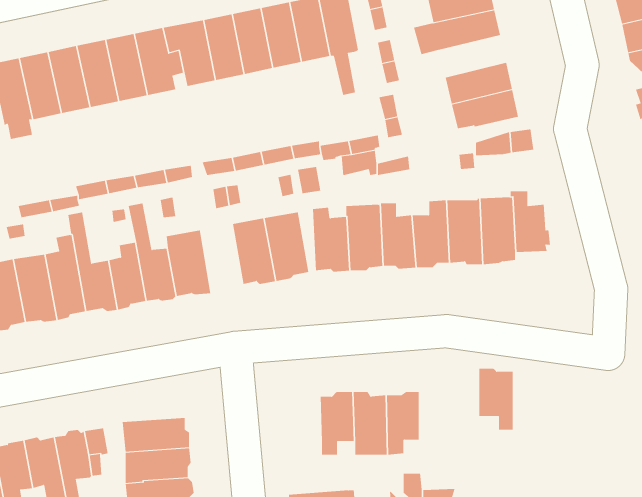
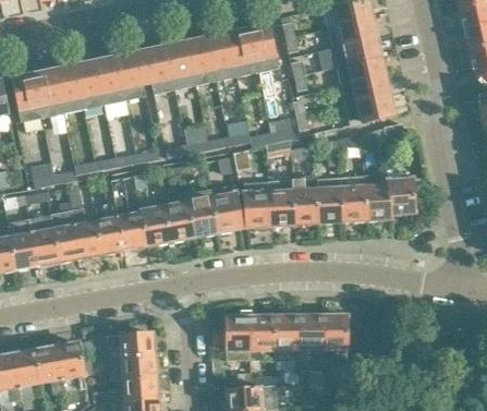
building: none -> [337,56,386,86]
building: none -> [165,192,195,242]
building: [479,368,513,430] -> [322,313,348,358]
building: none -> [214,313,252,359]

